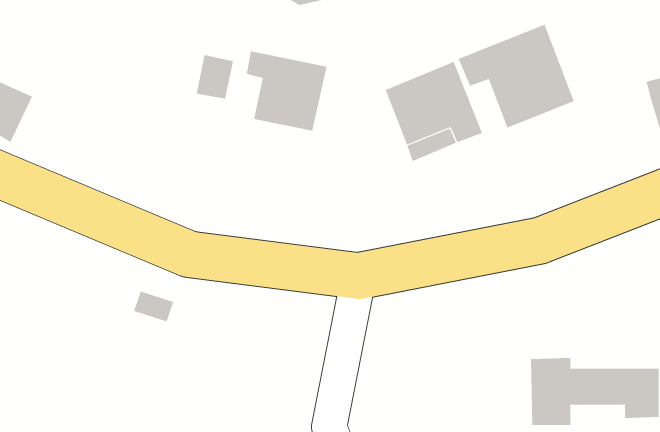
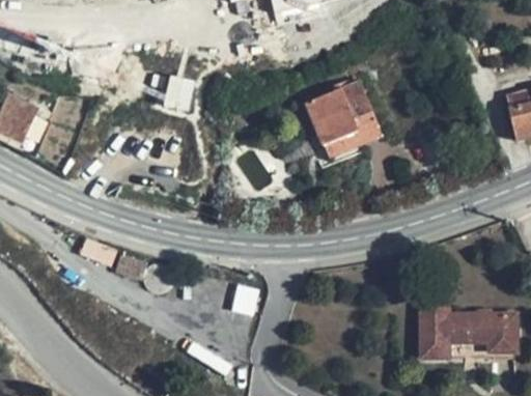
building: [458,24,574,128] -> none
building: [246,50,327,131] -> none

